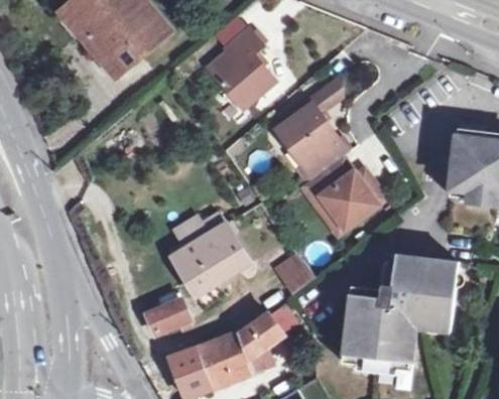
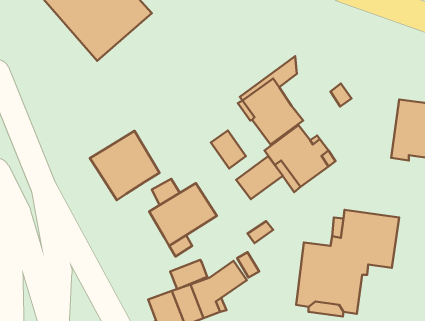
building: [208,28,274,107] -> none
building: none -> [211,130,246,168]
building: none -> [90,131,159,200]
building: none -> [236,156,283,199]
building: [146,298,189,331] -> [170,260,207,289]

